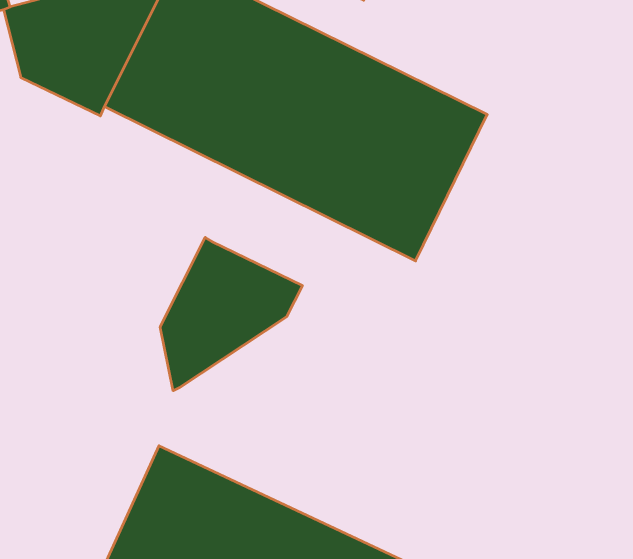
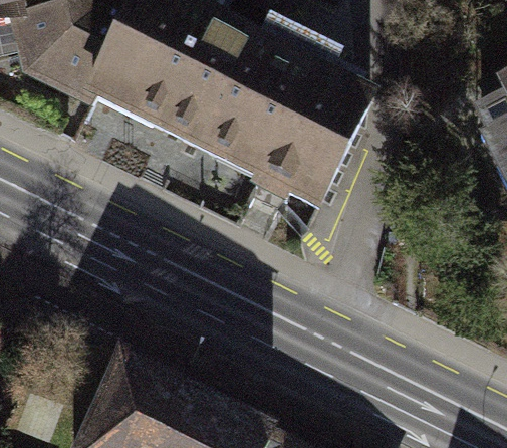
building: [160,237,302,391] -> none

